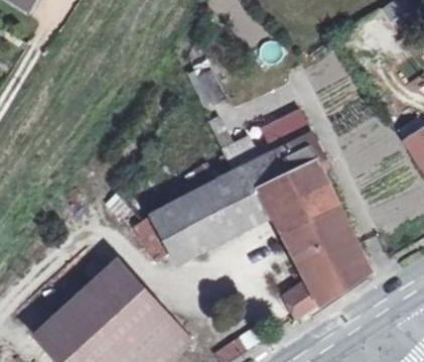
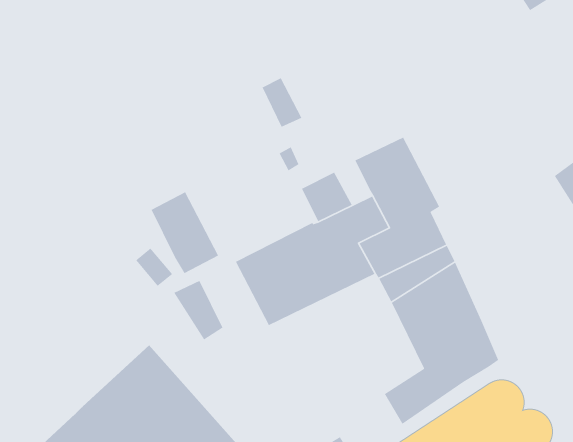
building: [152,200,201,259] -> [150,191,219,274]

